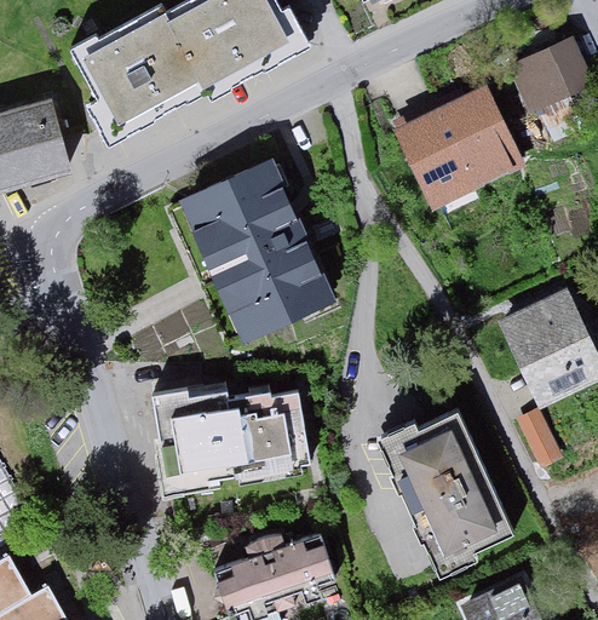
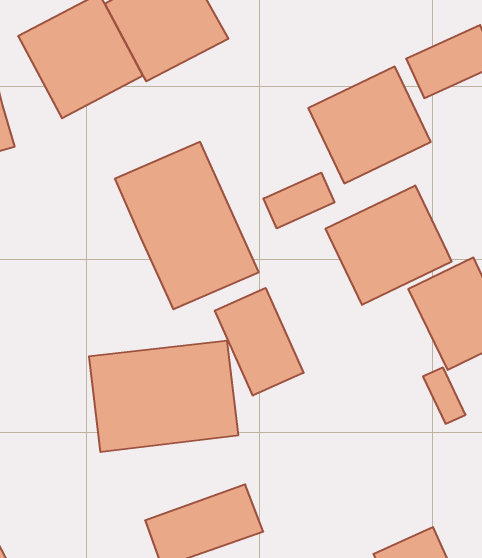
building: none -> [263,173,334,228]
building: none -> [326,185,452,305]
building: none -> [215,288,304,396]
building: [383,409,514,568] -> none

